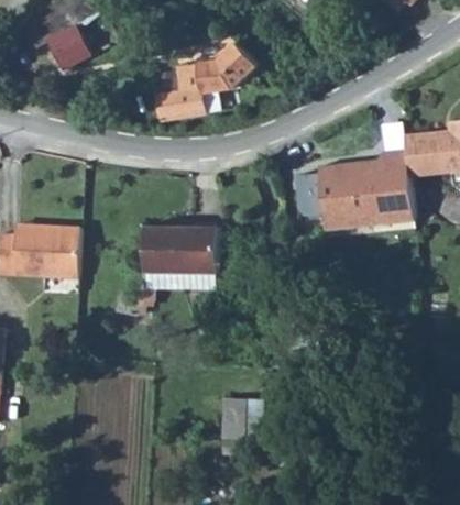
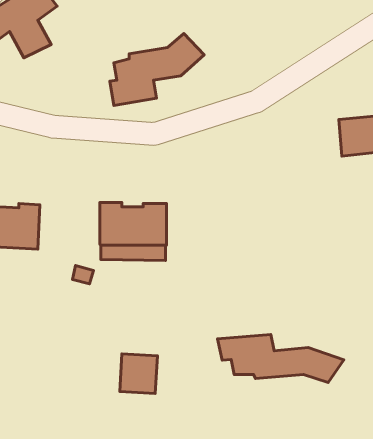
building: [319,149,412,227] -> none
building: none -> [218,335,344,383]
building: [221,397,262,440] -> [120,354,157,393]

